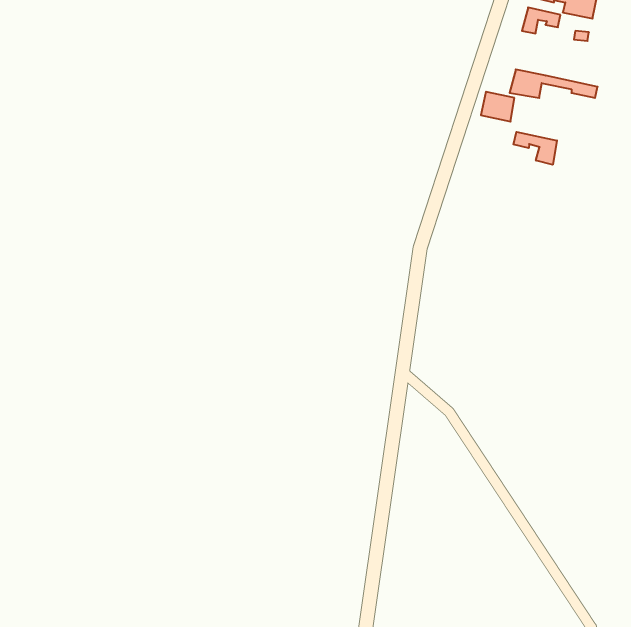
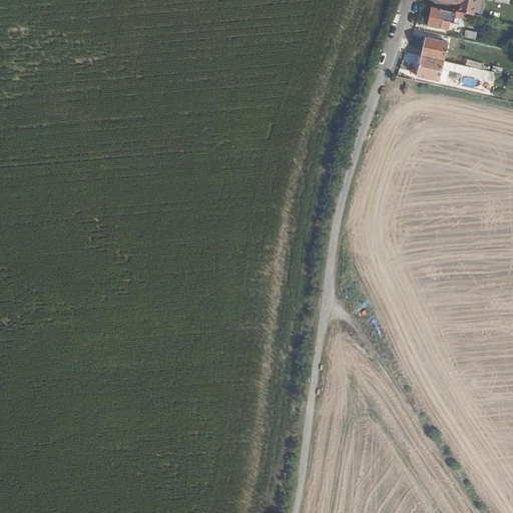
building: [481,92,514,122] -> [419,37,446,61]
building: [513,132,557,165] -> none

